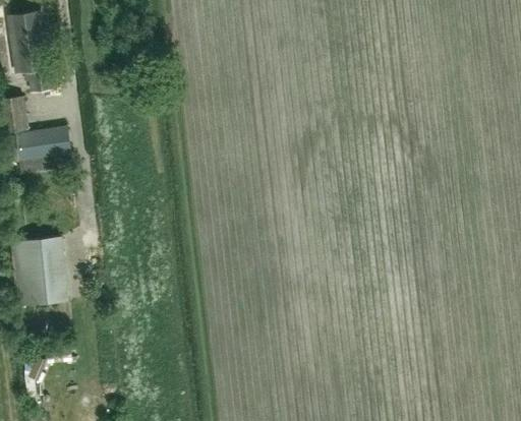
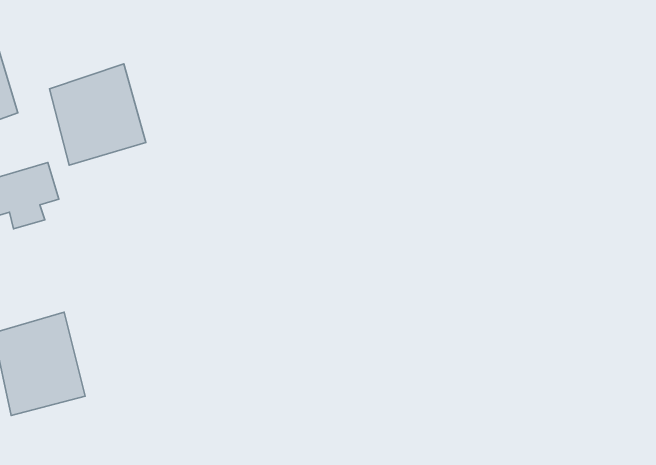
building: none -> [49,64,146,165]

